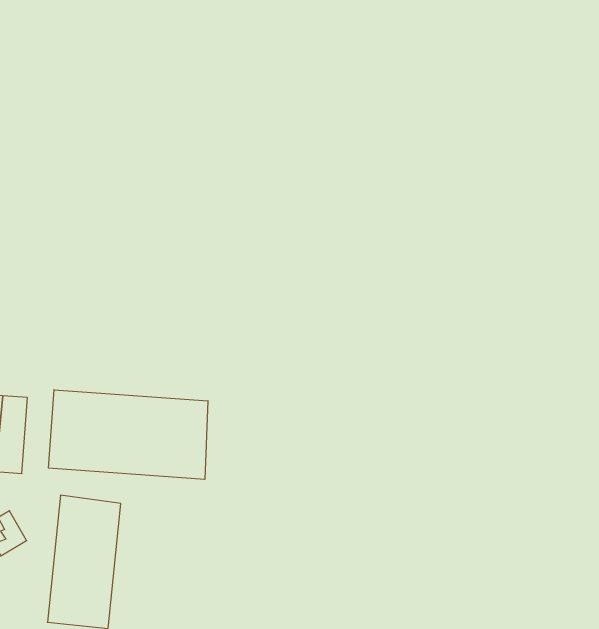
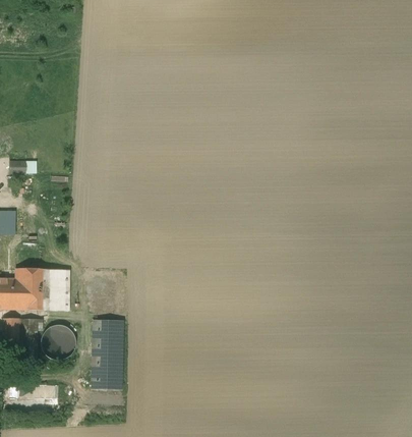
building: [48,390,208,479] -> none

